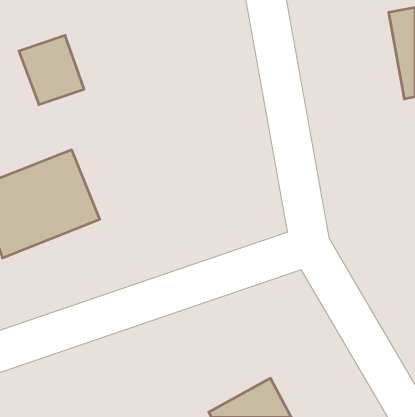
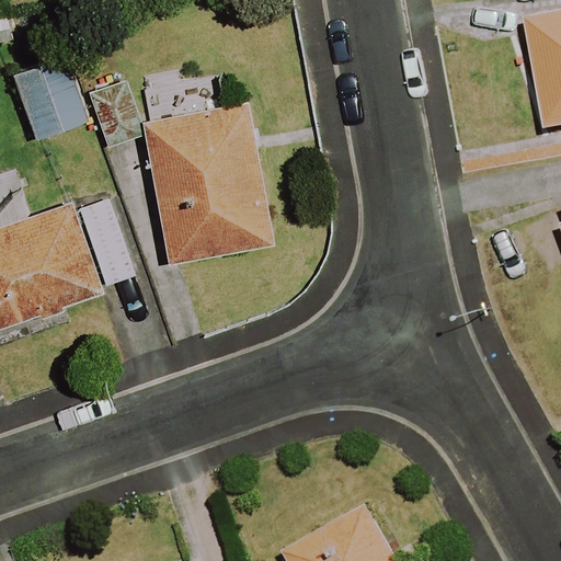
building: none -> [152,96,275,266]

